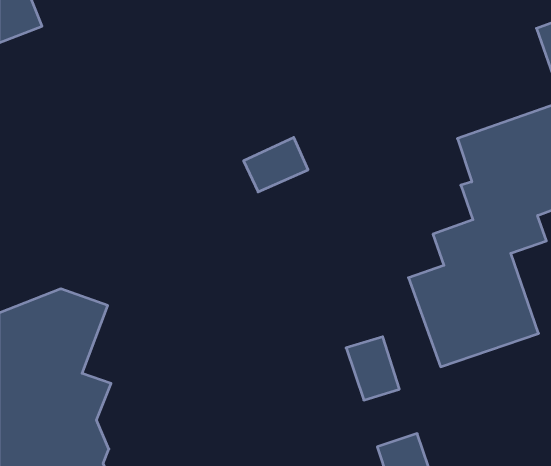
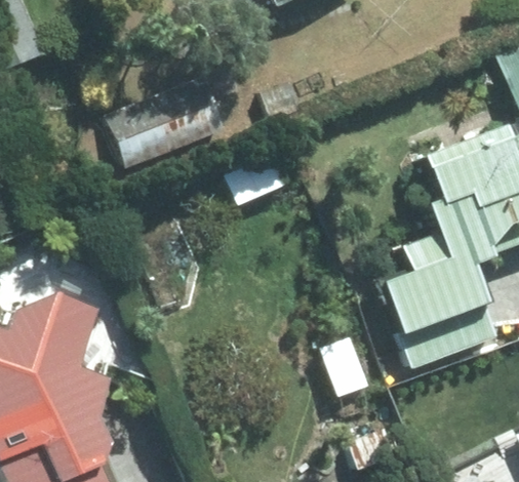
building: none -> [111,75,229,168]

